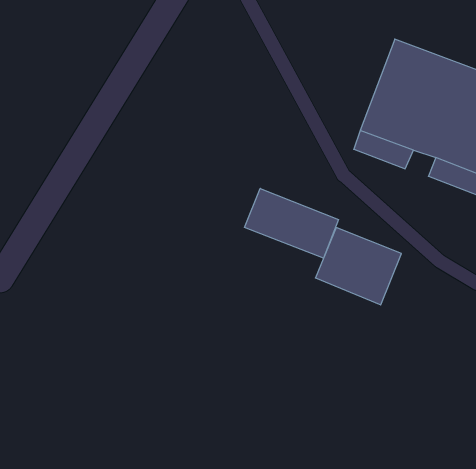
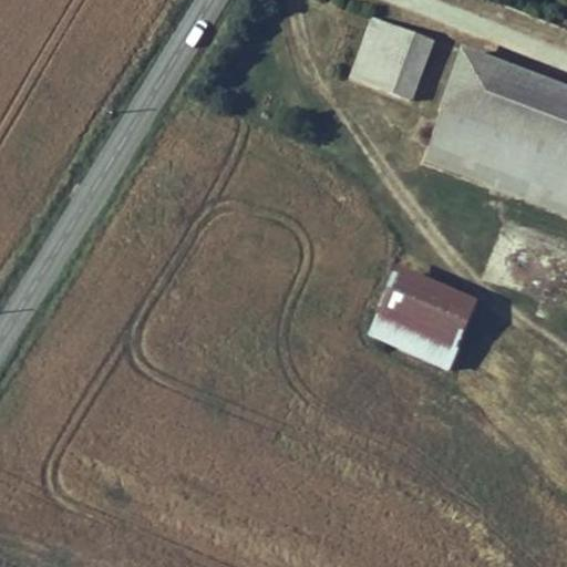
building: none -> [354,12,434,93]
building: [245,188,338,258] -> none

